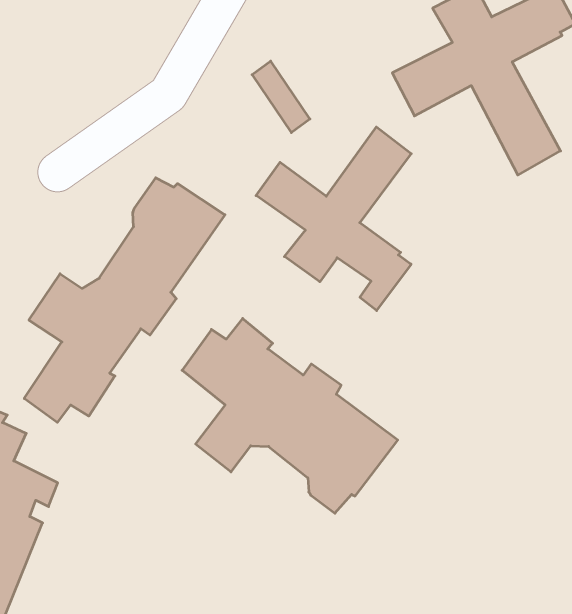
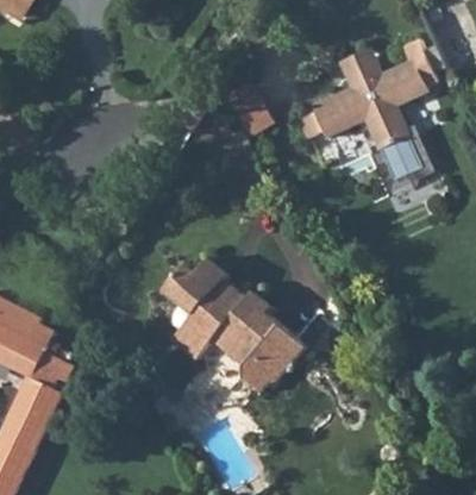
building: [256,127,411,311] -> none
building: [24,178,225,422] -> none

